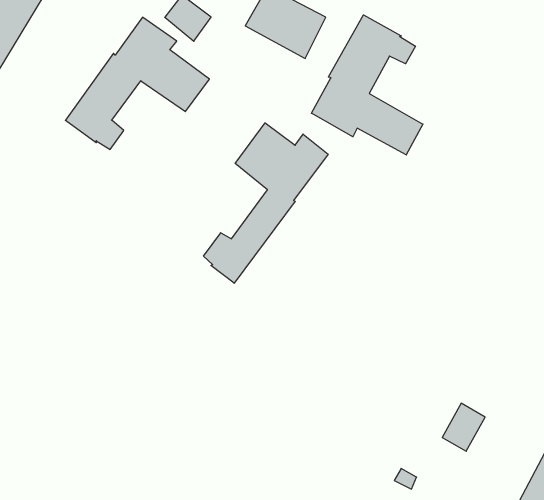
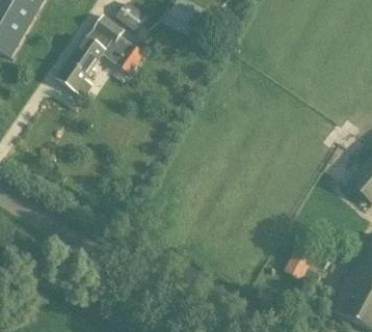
building: [311,15,423,155] -> none
building: [204,123,328,283] -> none

